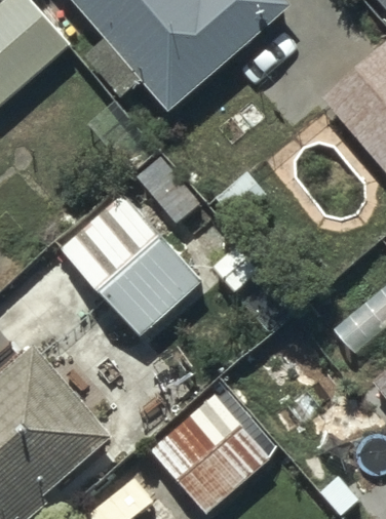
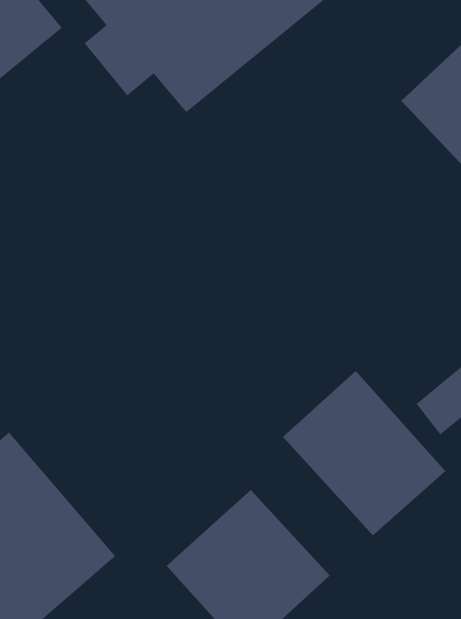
building: [57,191,202,337] -> none
building: none -> [282,370,446,536]

